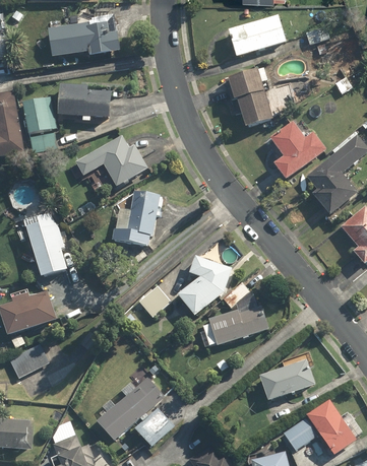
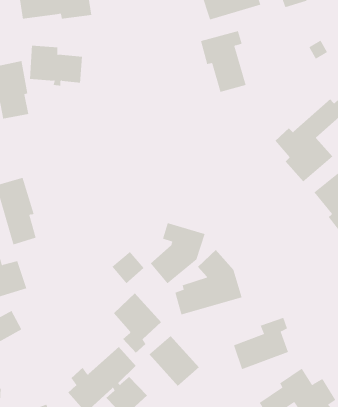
building: [267,120,326,180] -> none
building: [69,135,148,188] -> none
building: [112,190,159,248] -> none
building: none -> [113,292,162,353]
building: none -> [149,335,200,387]

